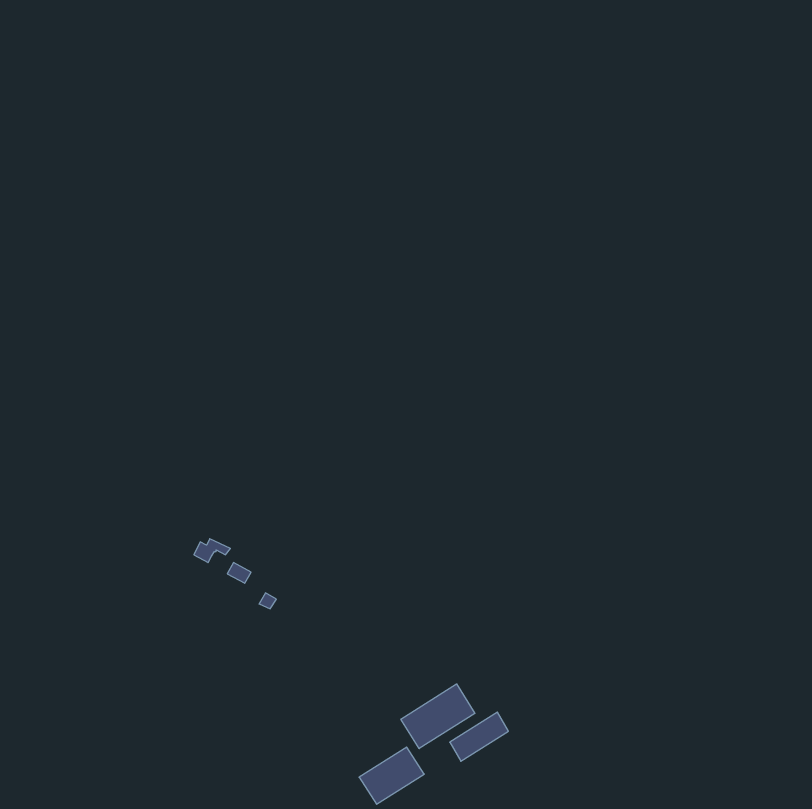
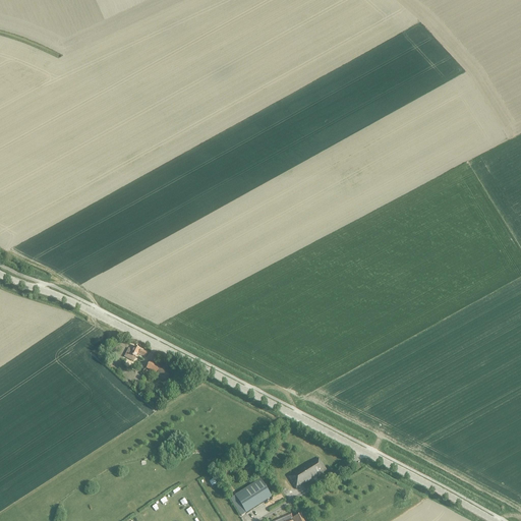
building: [401,684,475,749] -> none

